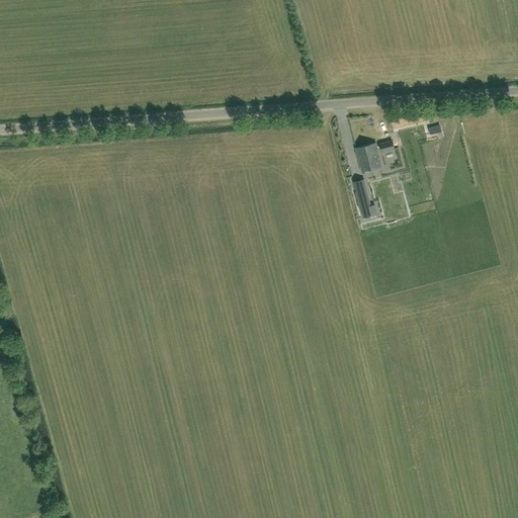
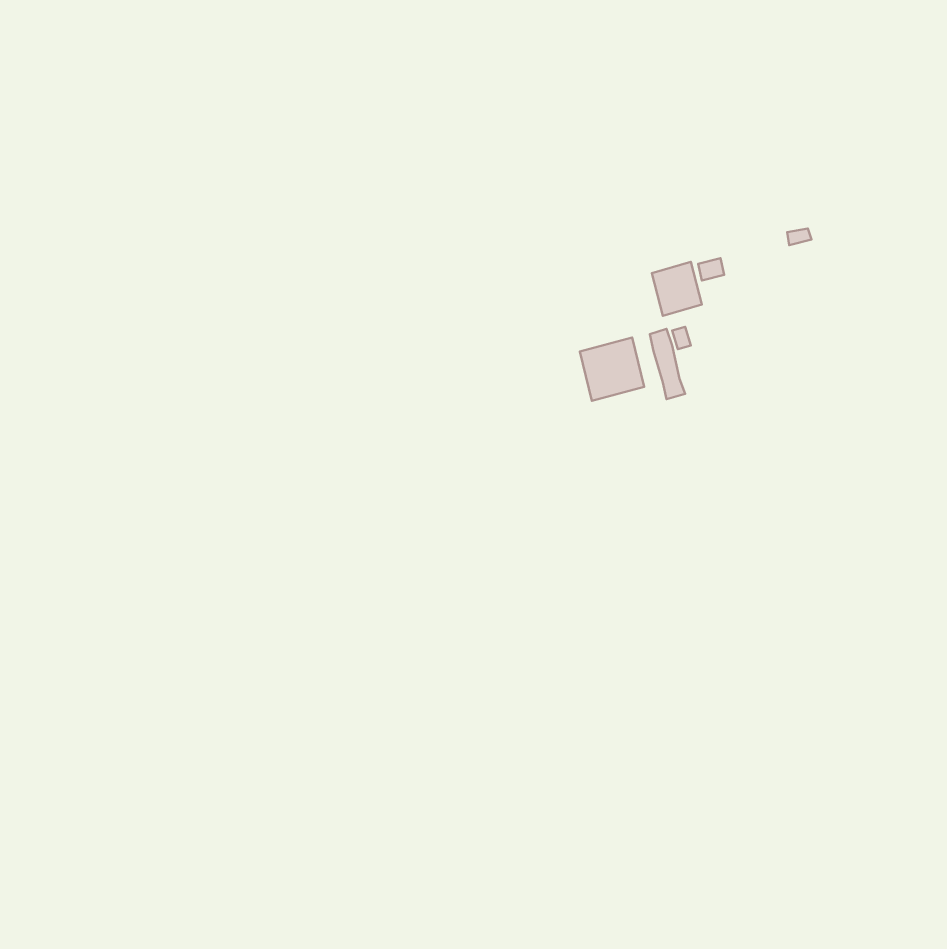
building: none -> [580,337,644,401]

